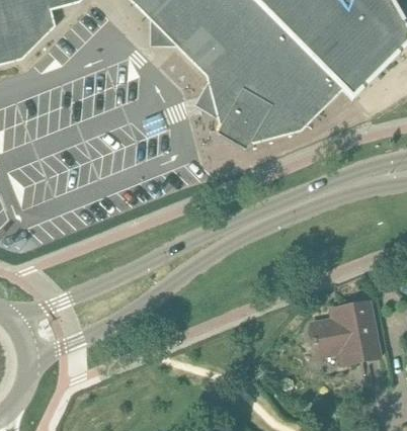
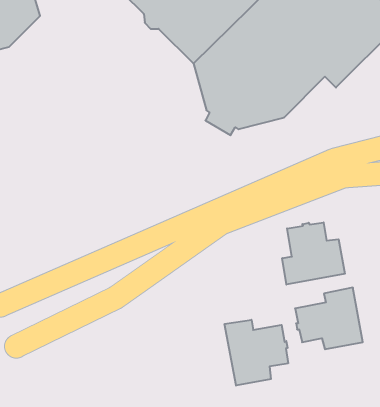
building: none -> [282,222,345,285]
building: none -> [225,320,288,386]

